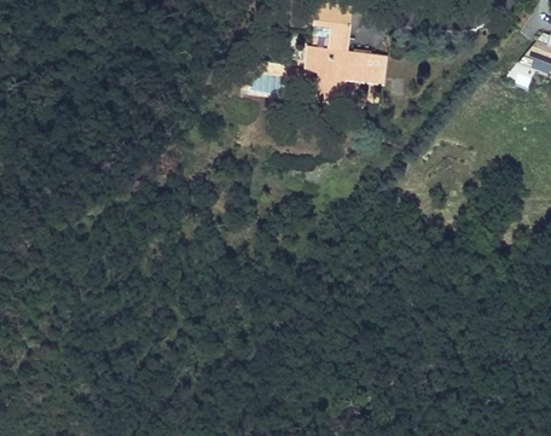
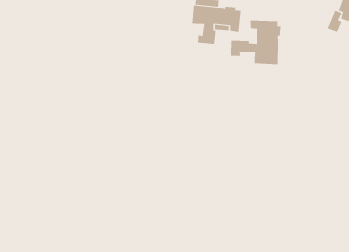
building: none -> [230,20,281,65]

